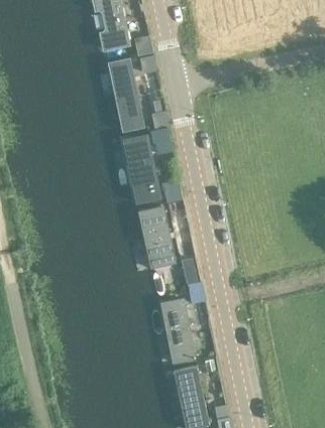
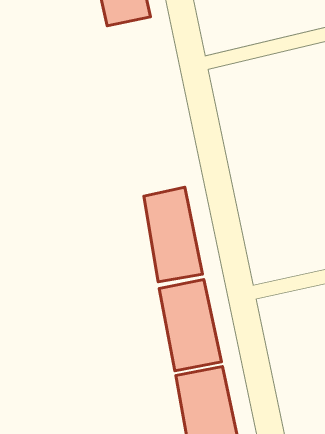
building: [104,46,158,131] -> none
building: [123,127,175,204] -> none

